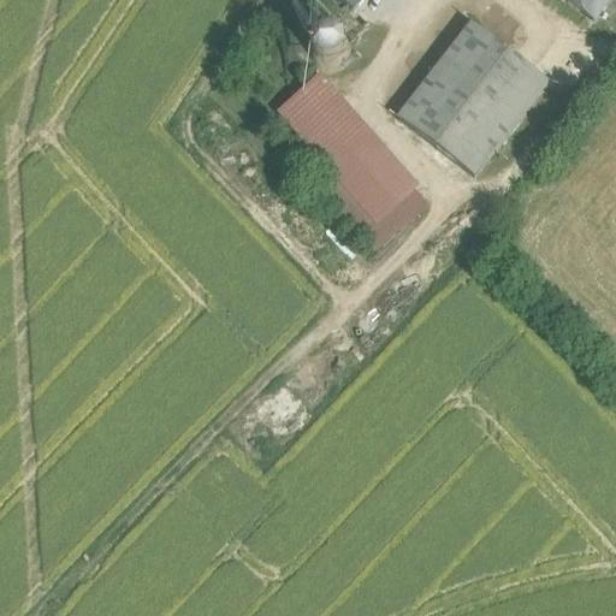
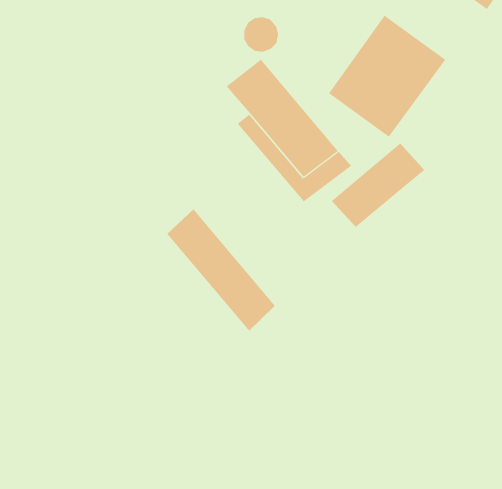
building: none -> [331,142,425,228]
building: none -> [166,209,276,331]

